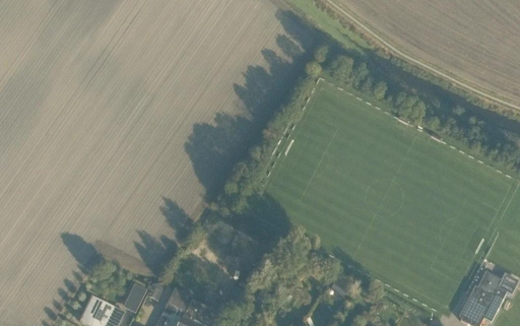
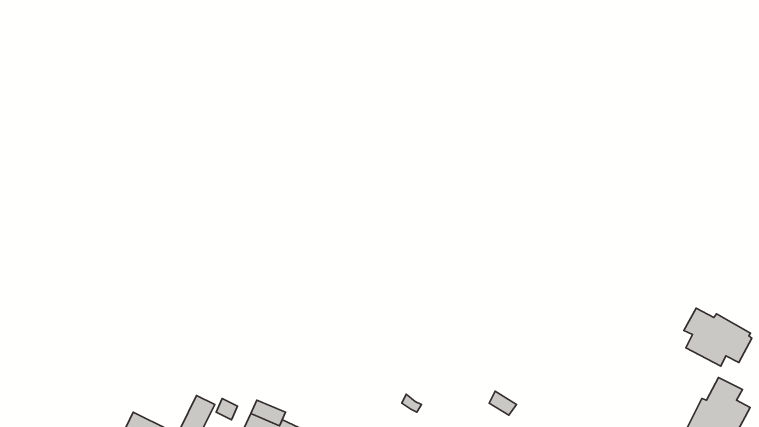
building: none -> [684,308,752,366]

